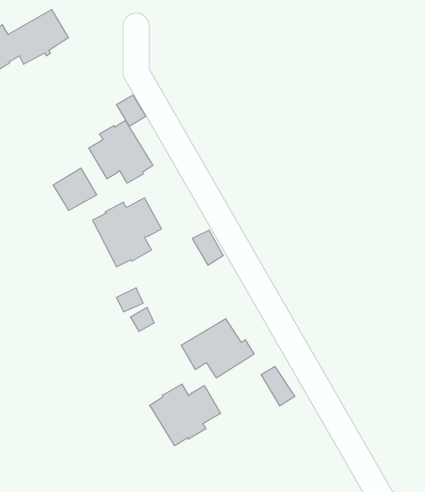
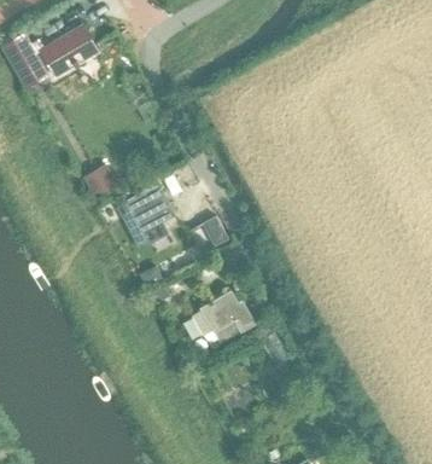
building: [89,120,153,183] -> none
building: [150,384,220,446] -> none

